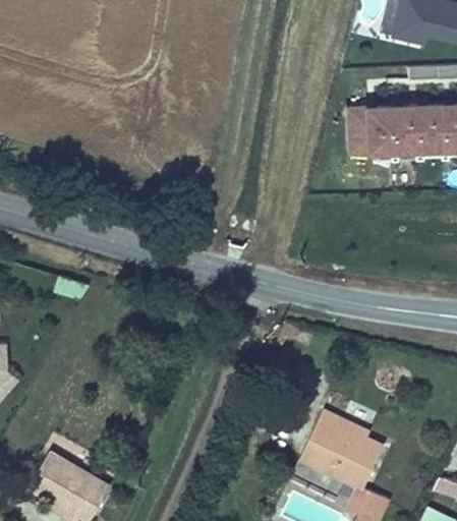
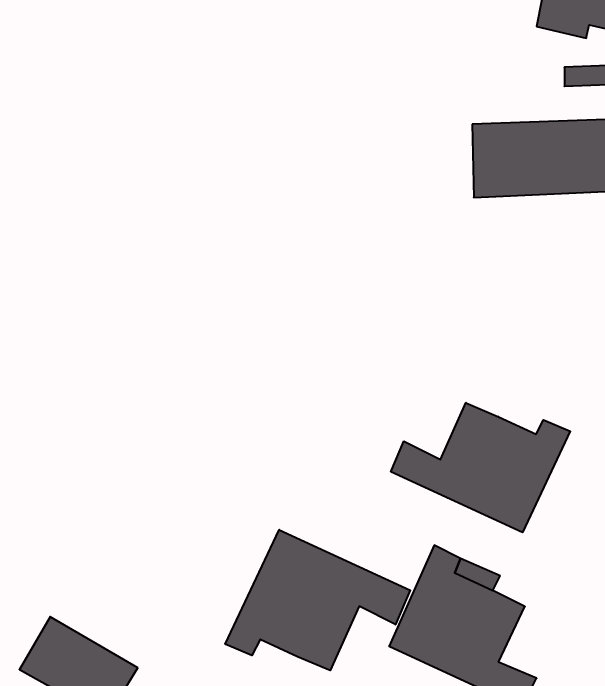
building: none -> [391,403,570,532]
building: none -> [225,530,410,670]

